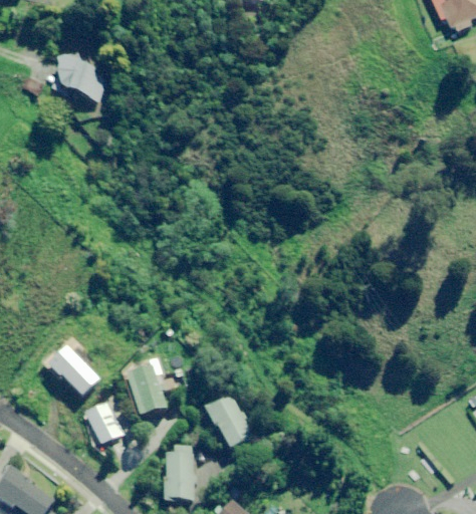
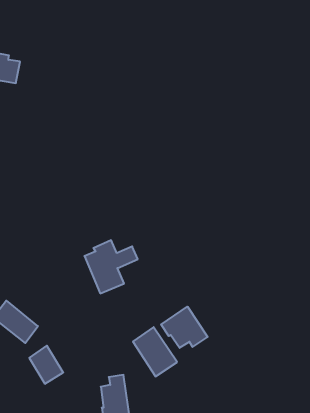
building: [126,358,186,418] -> [84,240,138,293]
building: none -> [161,307,208,348]

